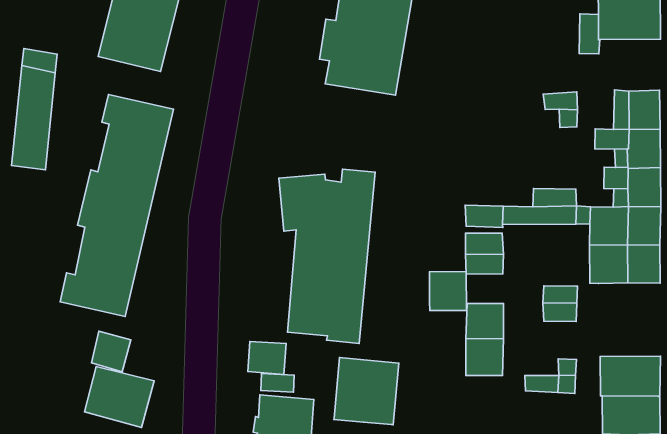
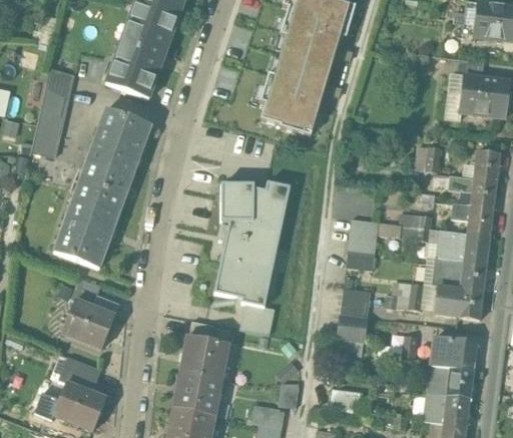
building: [429,272,466,311] -> none
building: none -> [436,286,483,320]
building: [248,342,286,375] -> none
building: [334,357,399,425] -> none

